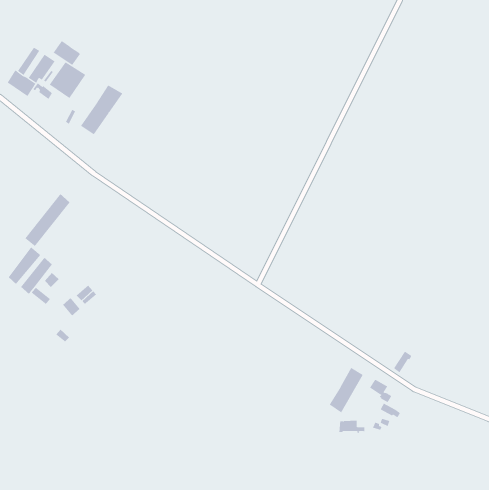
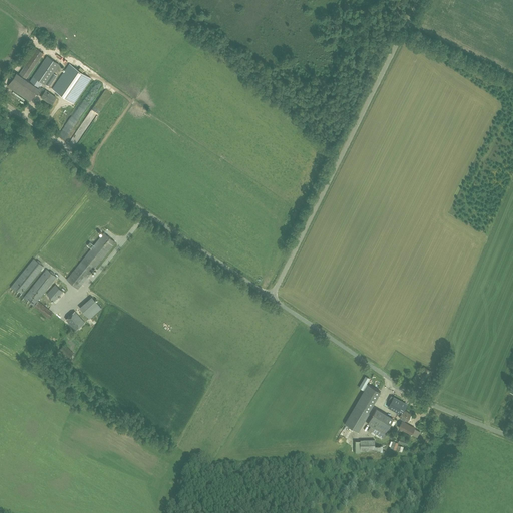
building: [53,40,81,66] -> none
building: [80,85,123,135] -> none
building: [25,193,71,247] -> [66,232,114,289]
building: none -> [366,408,395,439]

